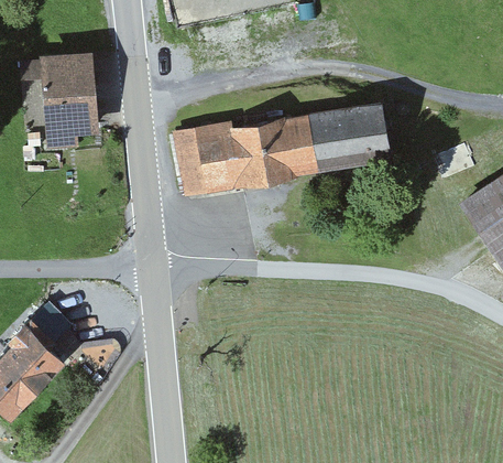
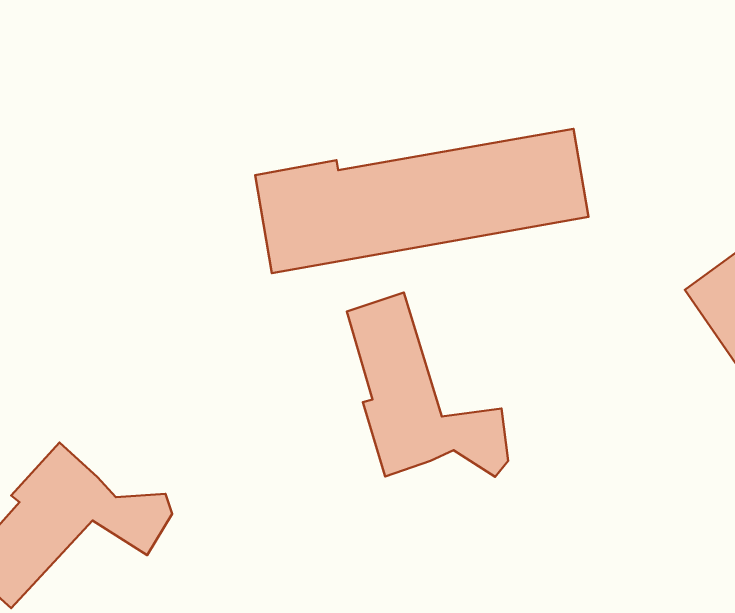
building: [37,53,95,146] -> none
building: none -> [347,292,508,477]

